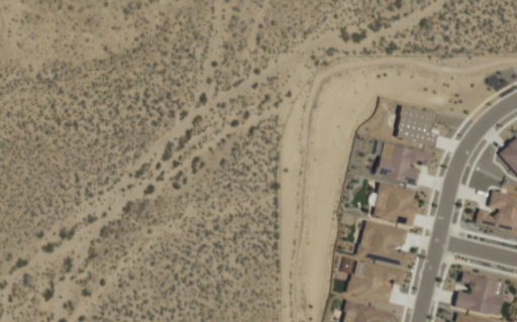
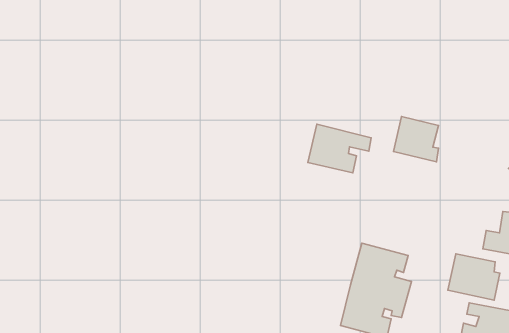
building: [376,141,432,185] -> [308,124,371,173]
building: [373,184,419,225] -> [448,254,500,300]

